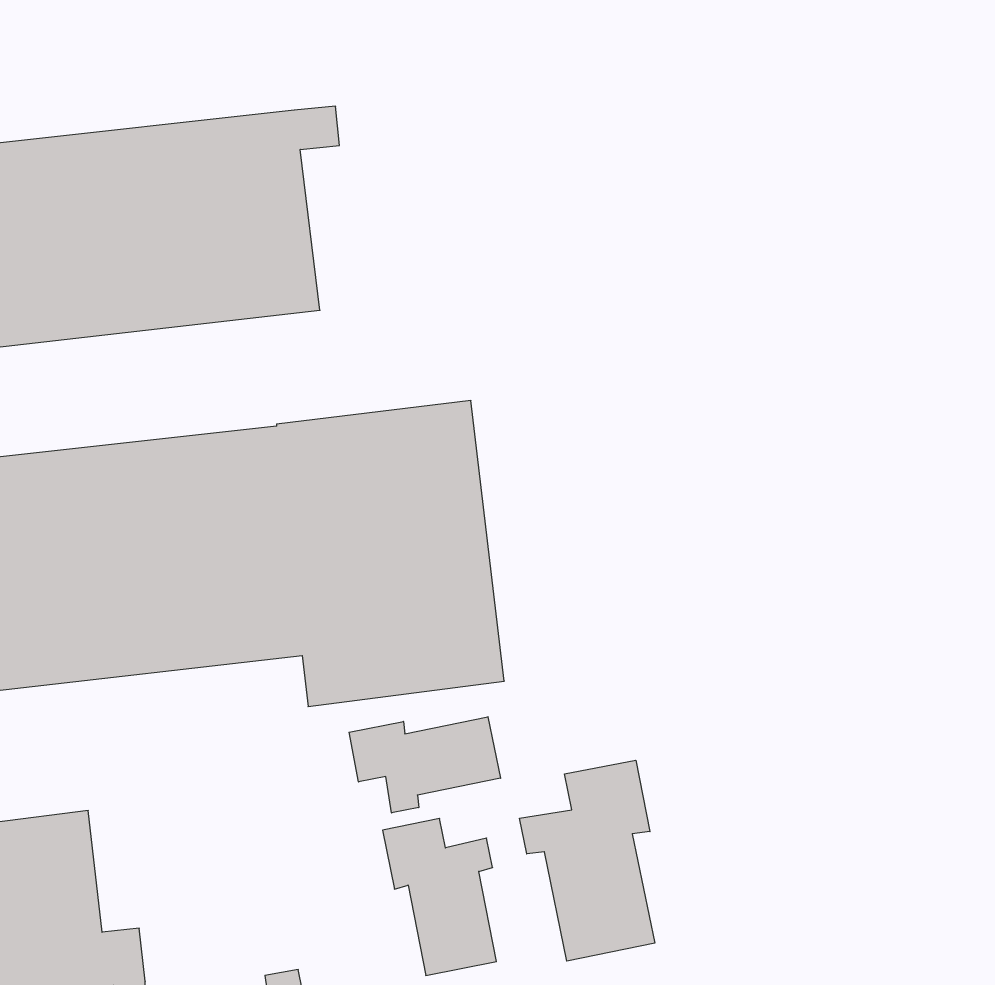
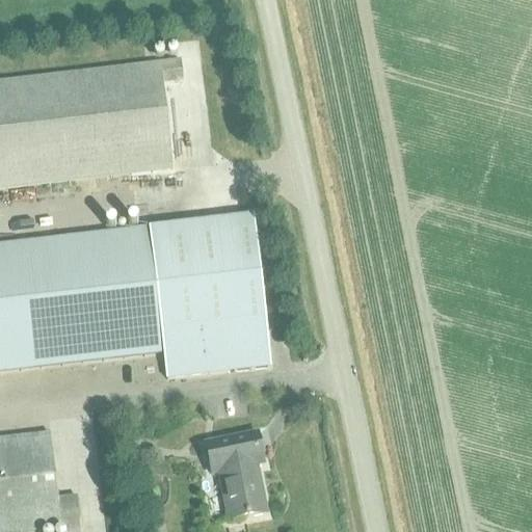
building: [349,717,501,813] -> none
building: [520,760,655,961] -> none

